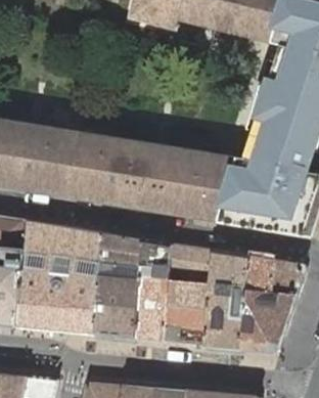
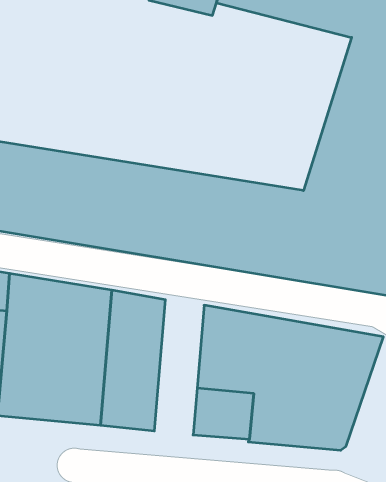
building: [134,239,171,340] -> none

